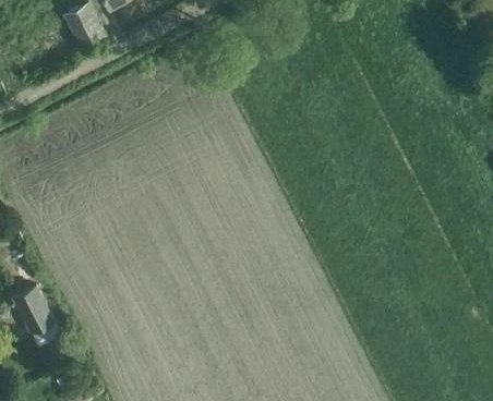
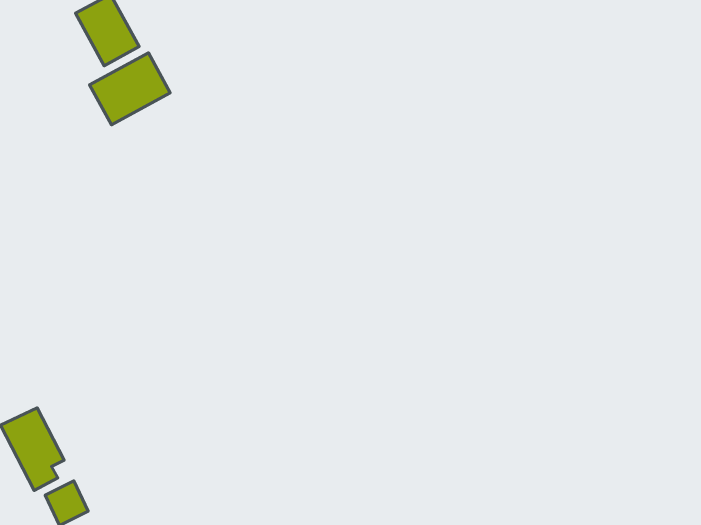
building: none -> [90,53,170,125]

